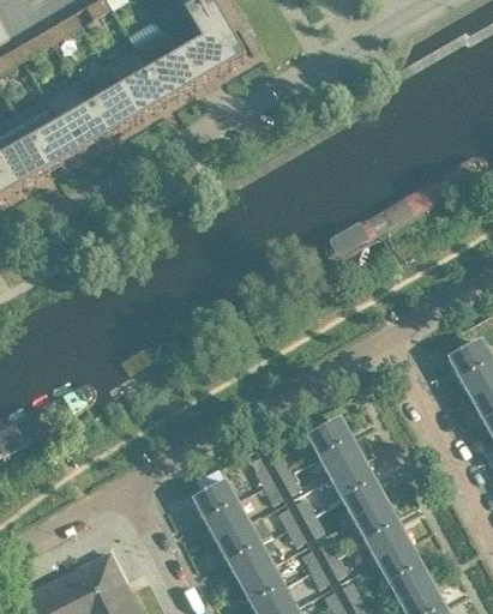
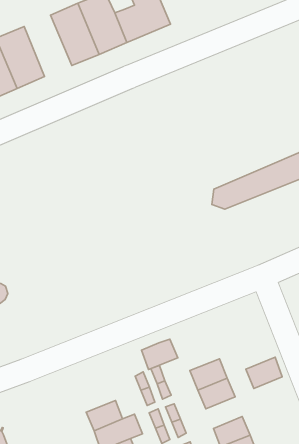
building: [77,67,138,139] -> none
building: [308,420,351,458] -> [142,339,178,370]
building: [193,482,238,522] -> none
building: [343,482,386,522] -> [246,357,282,389]

